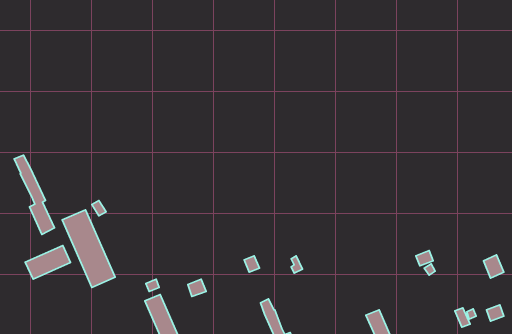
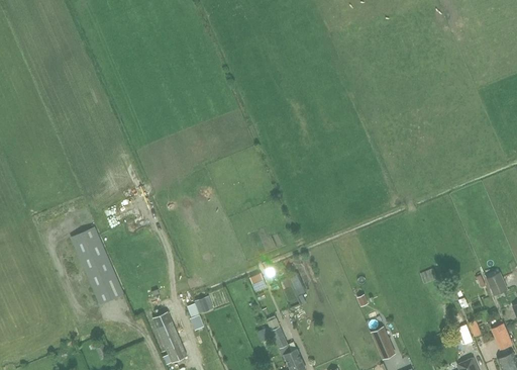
building: [14,155,55,234] -> none
building: [25,246,71,279] -> none

